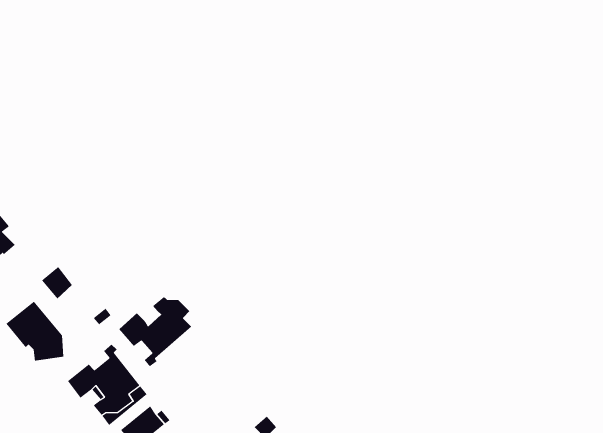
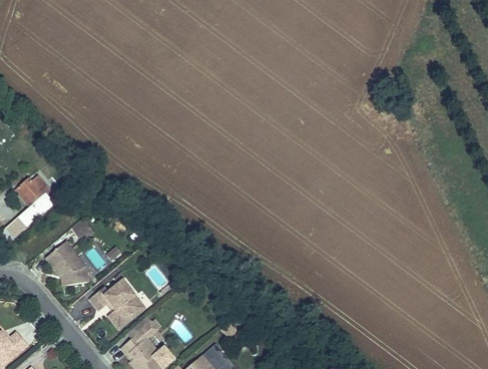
building: [118,296,192,367] -> none

